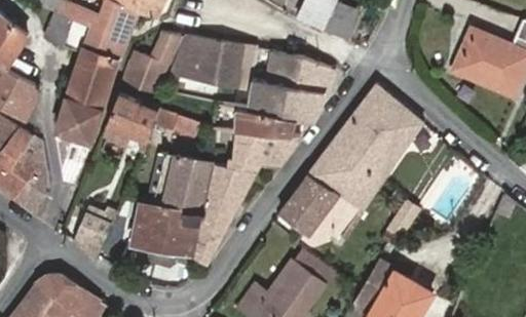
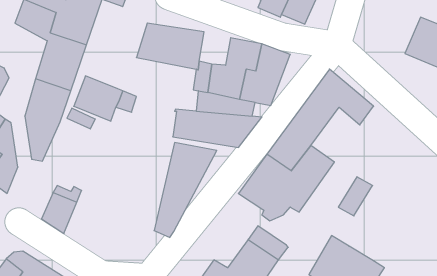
building: [118,34,179,106] -> none
building: [354,125,406,183] -> none
building: [133,150,212,254] -> none

